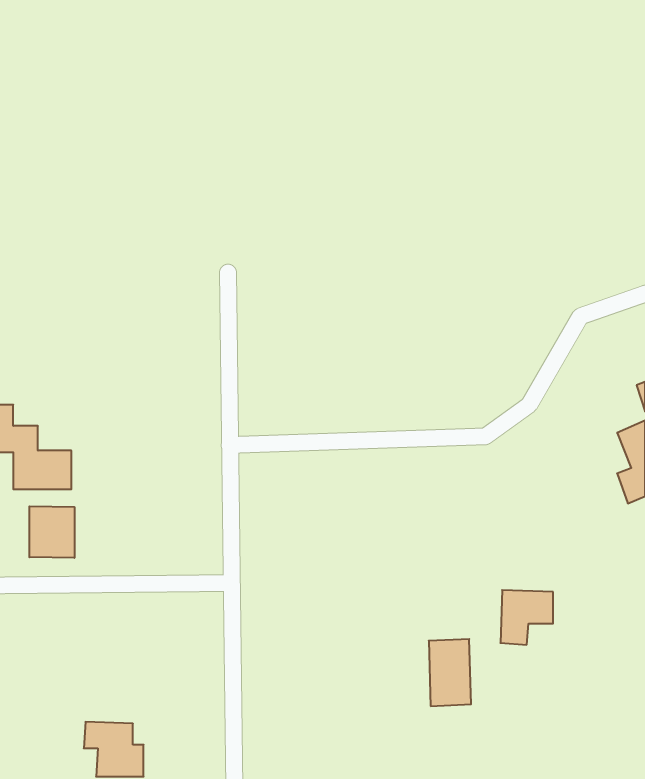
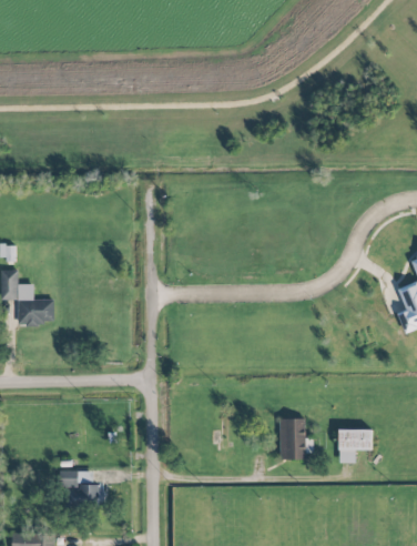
building: [29,506,74,558] -> none
building: [500,590,553,645] -> [338,428,372,463]

